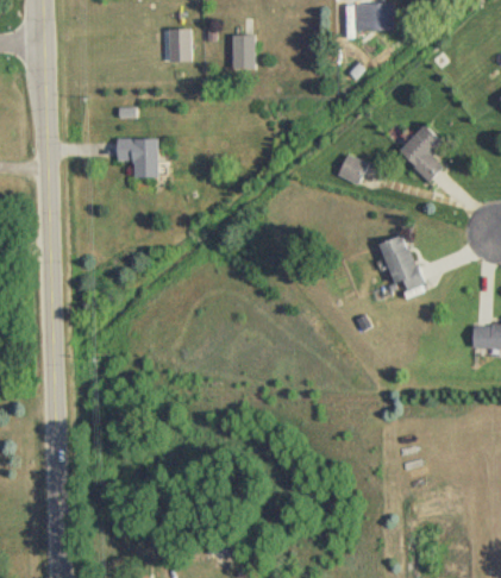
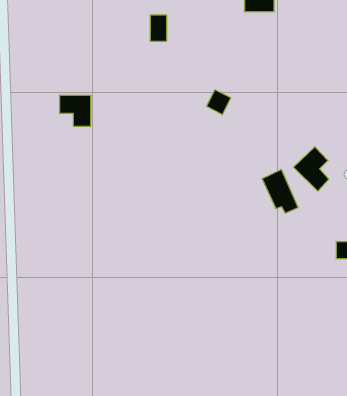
building: [169,27,190,59] -> none
building: [397,125,443,182] -> [294,147,329,191]
building: [337,153,368,186] -> [207,90,231,115]

